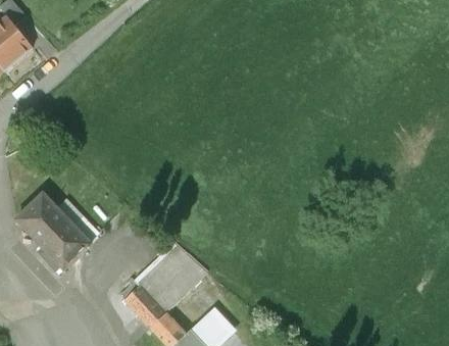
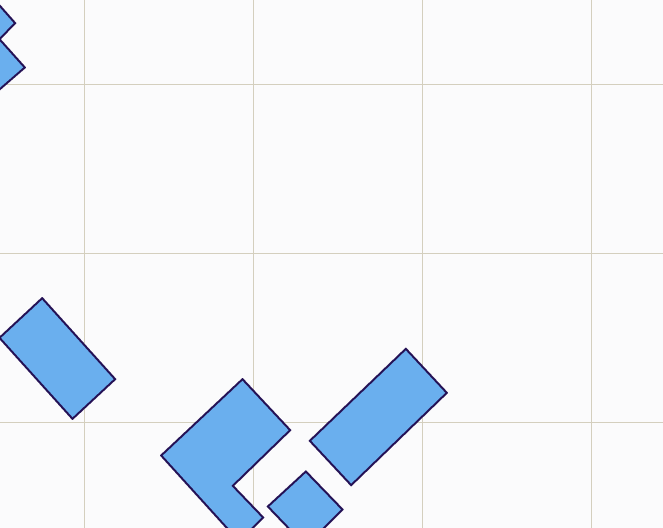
building: none -> [310,349,447,485]

